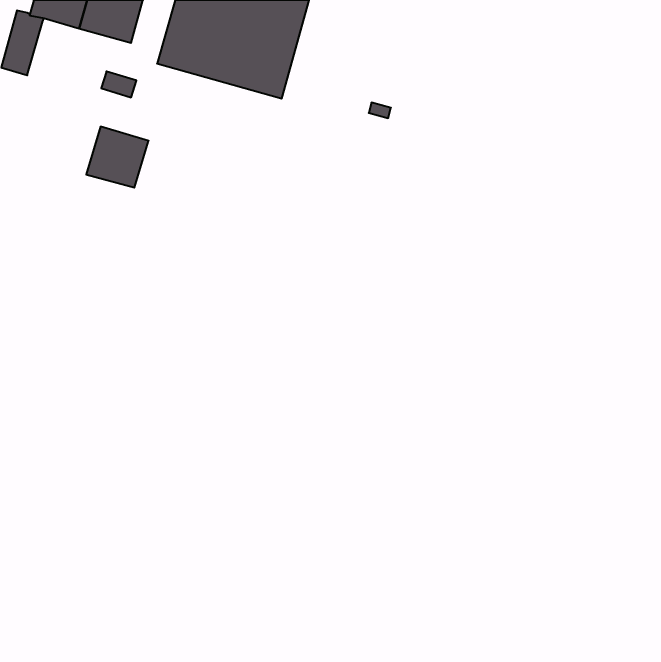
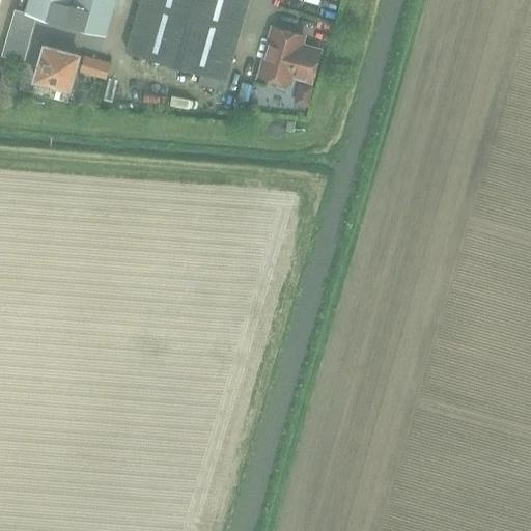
building: none -> [259,28,319,84]
building: [86,127,149,188] -> [31,44,81,92]

